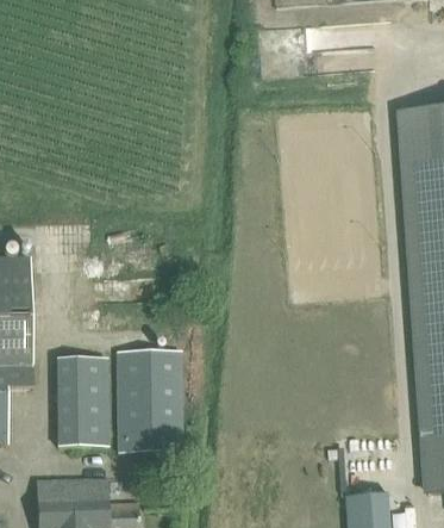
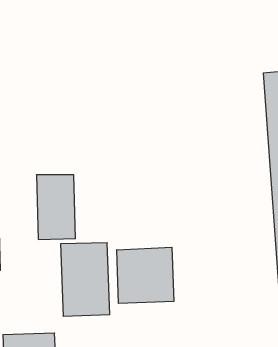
building: none -> [117,247,174,303]
building: [55,355,110,446] -> [36,175,75,239]

